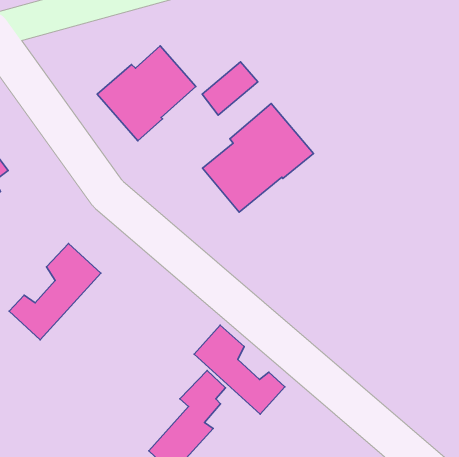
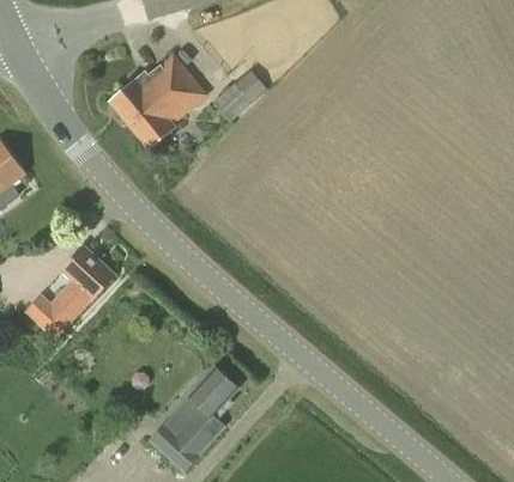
building: [203,104,313,212] -> none
building: [194,325,285,414] -> none

